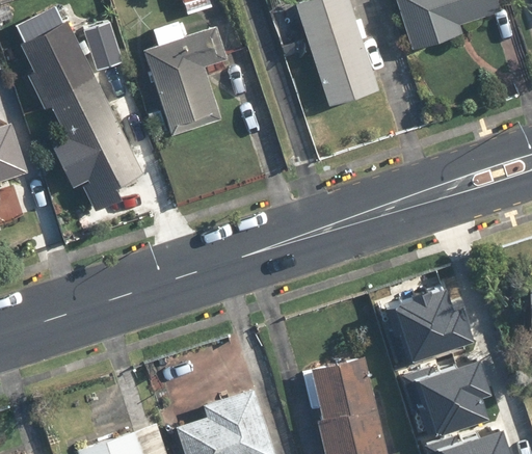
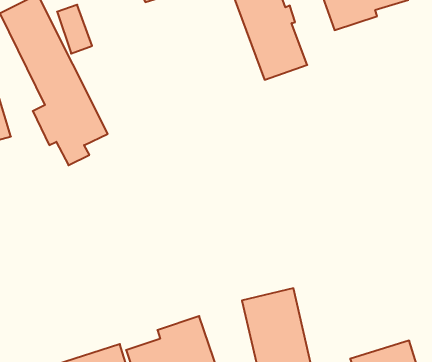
building: [144,25,227,137] -> none
building: [383,282,471,353] -> none
building: [413,351,493,427] -> none

